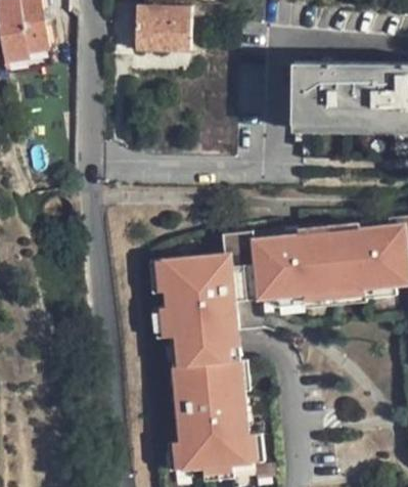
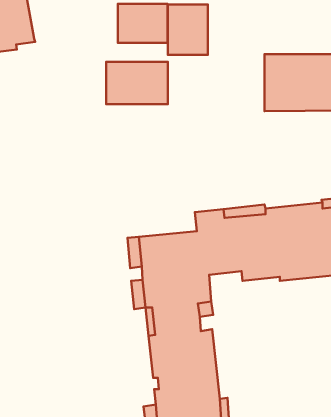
building: none -> [168,5,208,55]
building: none -> [106,62,168,104]

